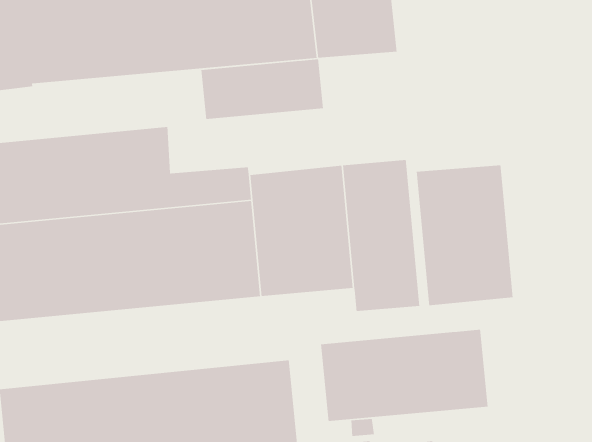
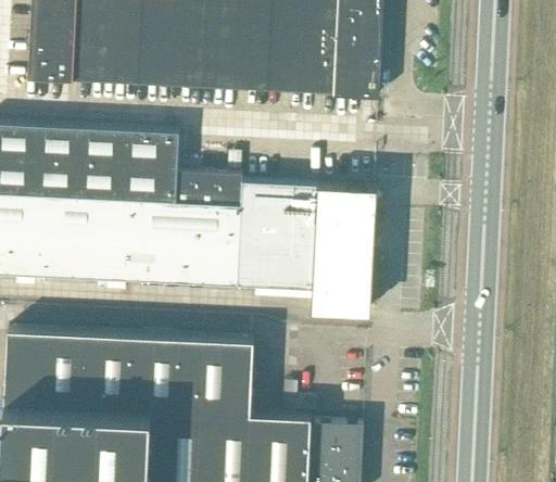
building: [200,58,324,120] -> none
building: [416,164,514,306] -> none
building: [320,329,489,422] -> none

